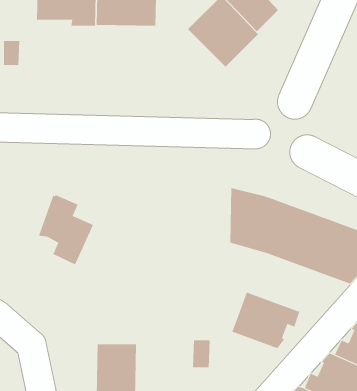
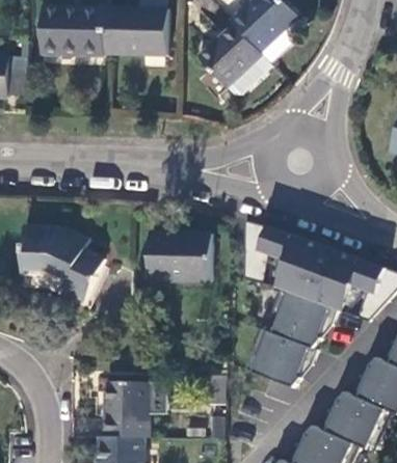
building: none -> [20,227,59,269]
building: none -> [148,232,210,280]
building: none -> [264,287,336,346]

